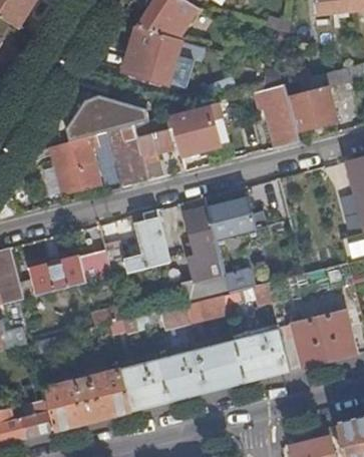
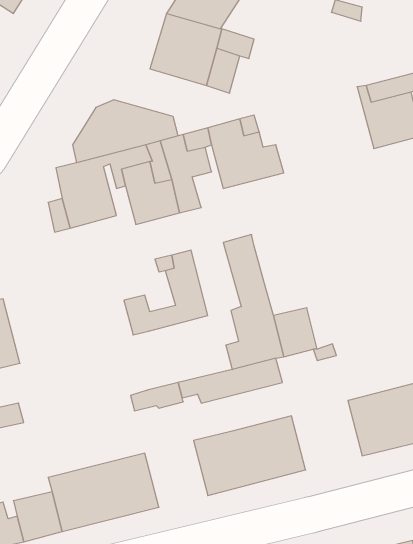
building: [259,84,298,148] -> none
building: [205,197,255,241] -> none
building: [18,251,110,299] -> none
building: [234,329,289,382] -> none
building: [119,359,168,411] -> none

